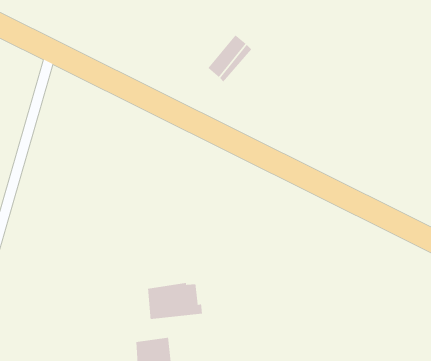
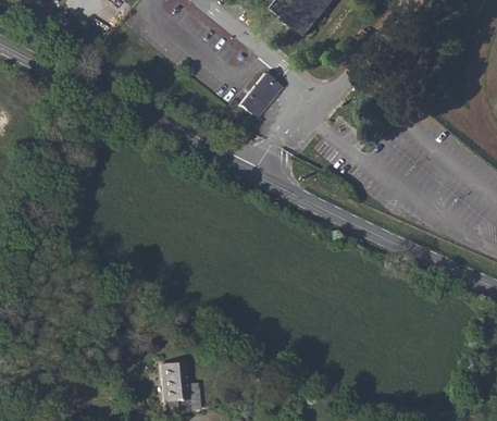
building: [148,282,203,320] -> none

